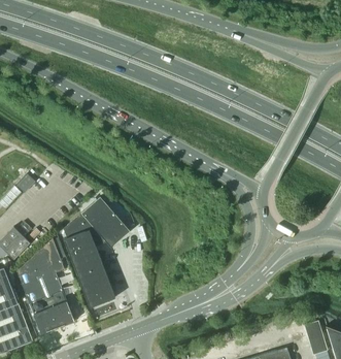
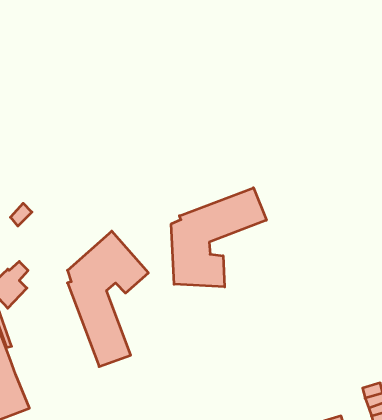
building: none -> [171,188,266,287]
building: [16,237,74,333] -> none

